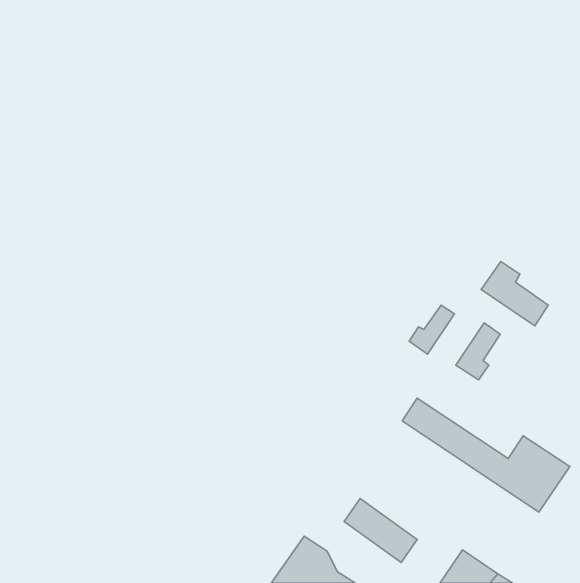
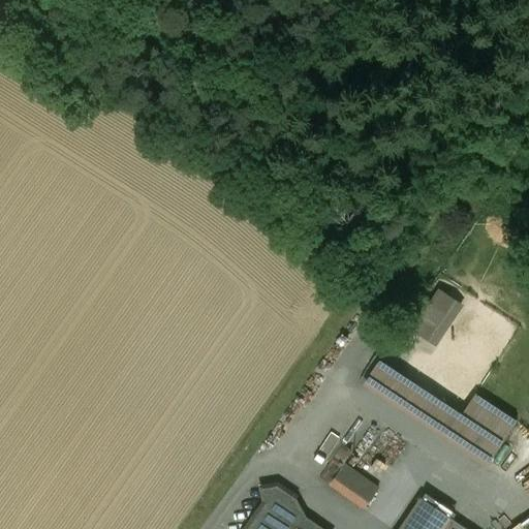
building: [481,261,548,326] -> none
building: [409,305,455,354] -> none

